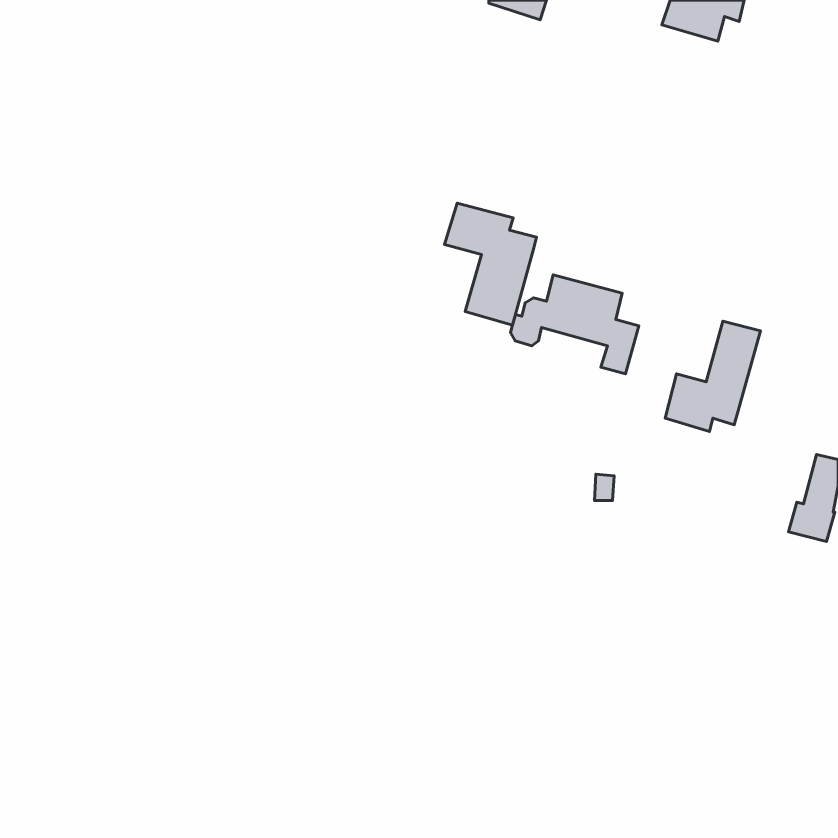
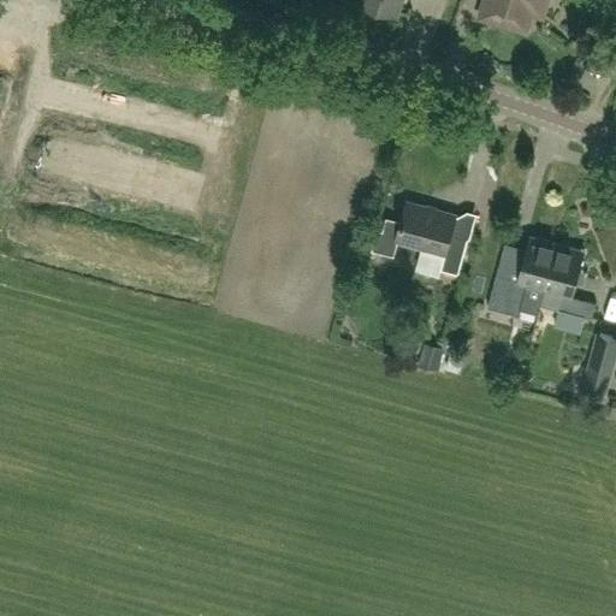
building: [445,203,537,325] -> none
building: none -> [539,244,594,319]

